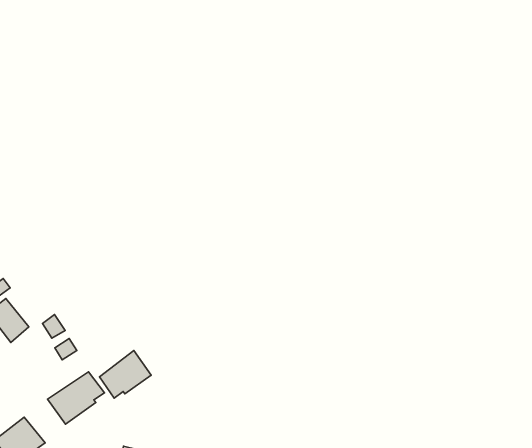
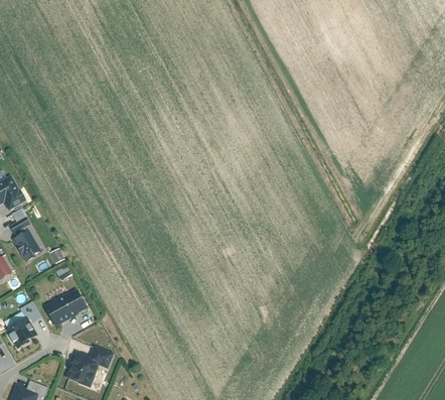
building: [100,351,151,398] -> none

